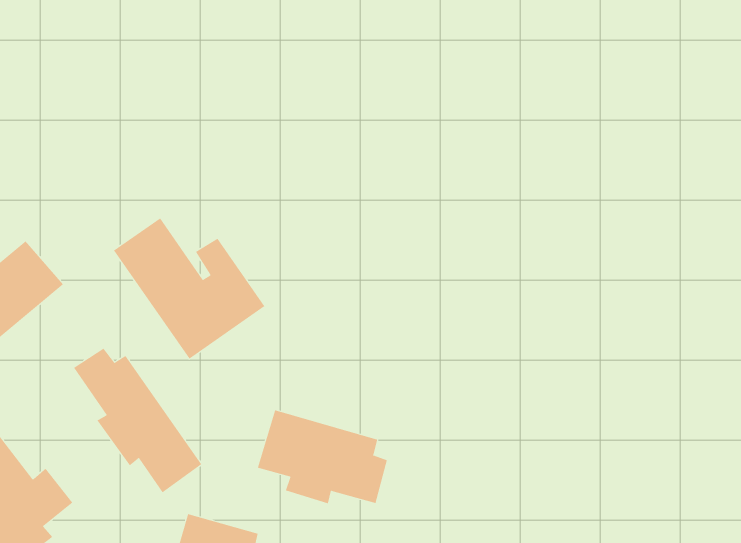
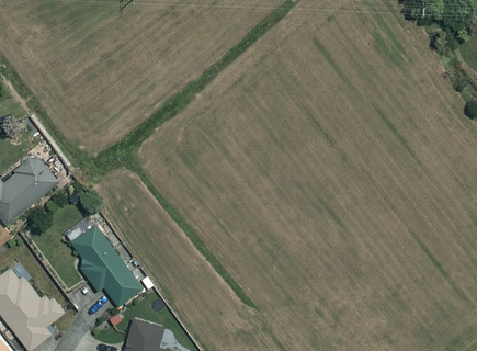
building: [113,218,265,359] -> none
building: [257,409,388,504] -> none

